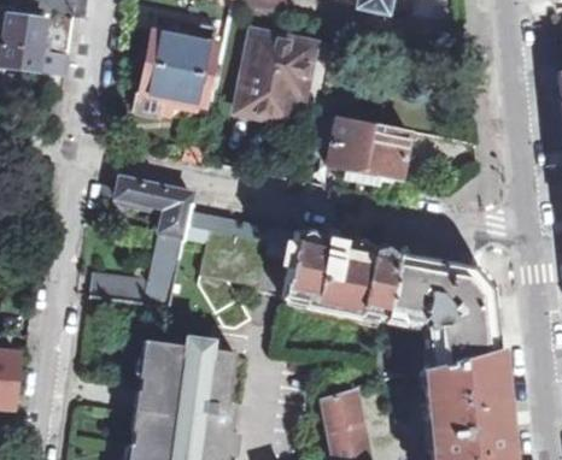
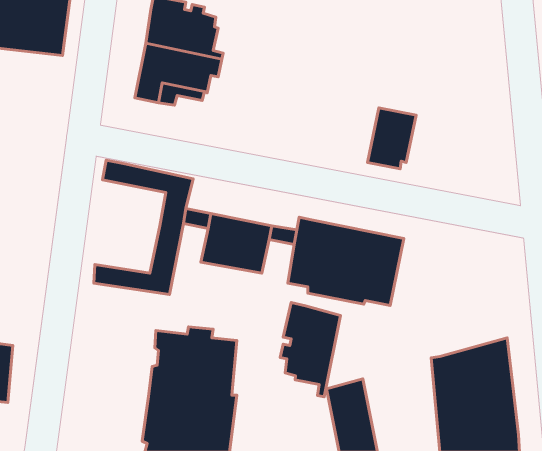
building: [239,31,311,120] -> none
building: [314,113,371,176] -> none
building: [382,249,496,364] -> none
building: none -> [280,303,341,397]

